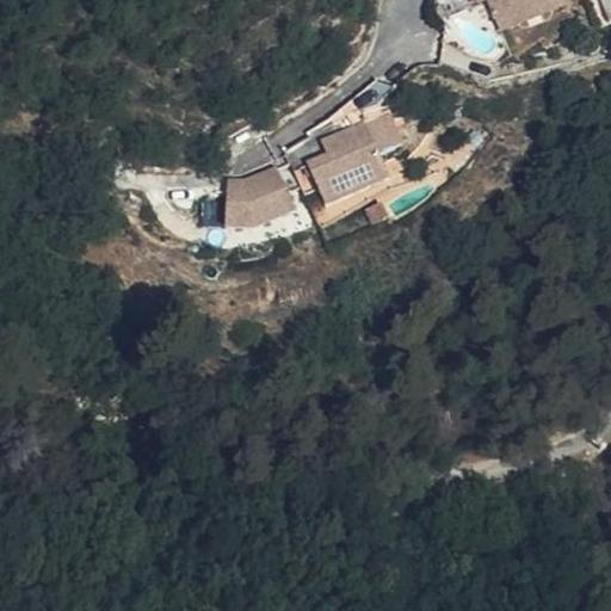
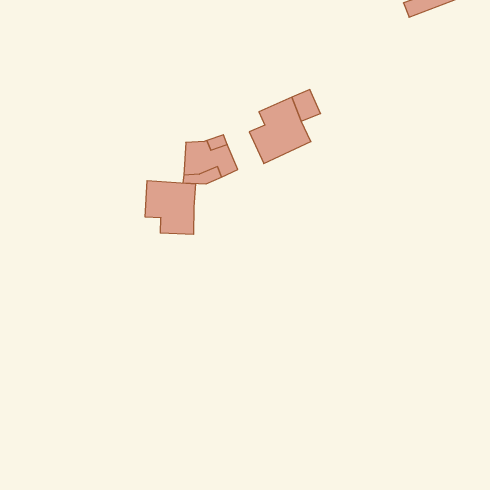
building: none -> [145,181,195,234]

